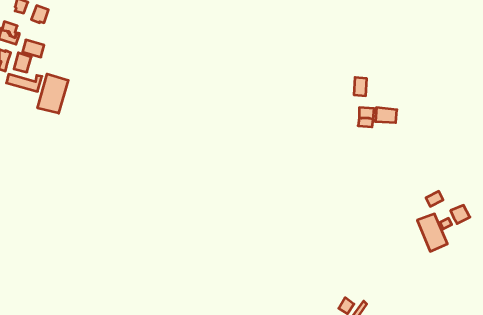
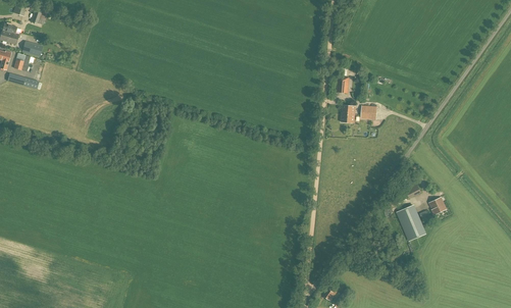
building: [38,74,68,113] -> none

